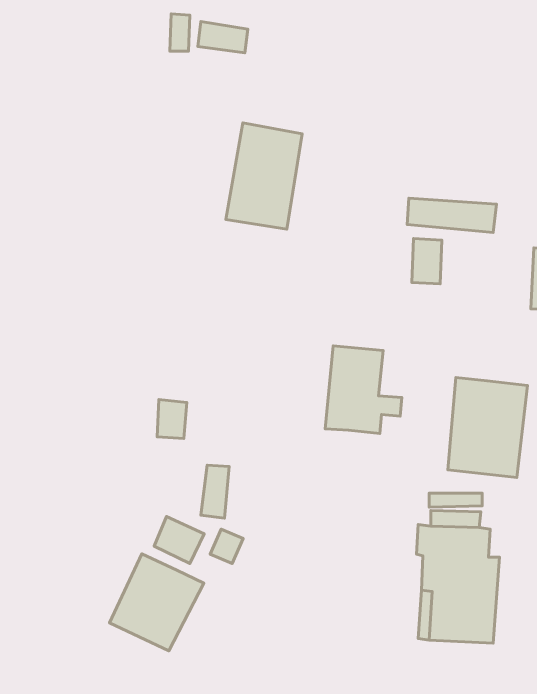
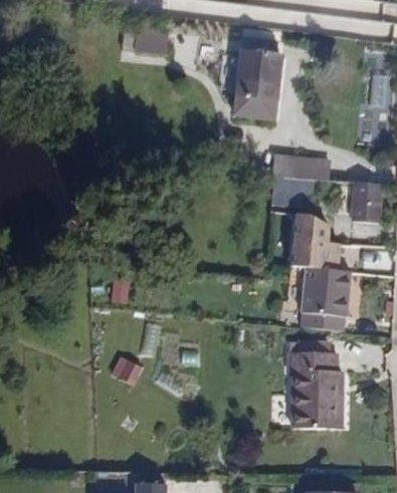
building: [226,123,302,229] -> [236,46,285,114]
building: [325,346,402,433] -> [289,212,339,268]
building: [110,554,204,651] -> none

